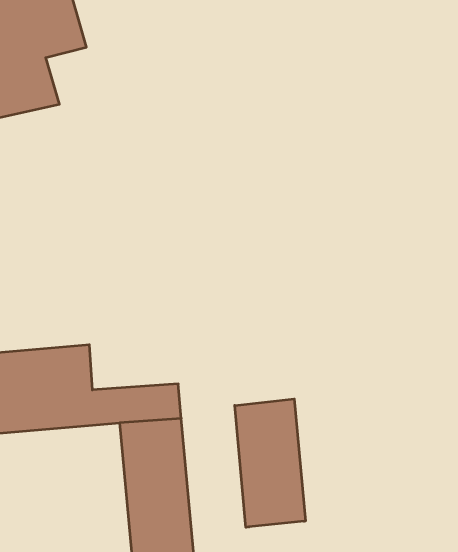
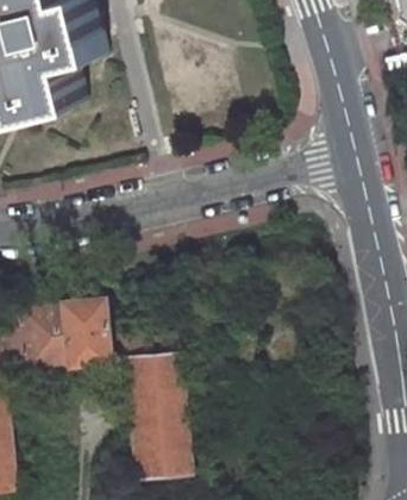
building: [235,399,305,527] -> none

